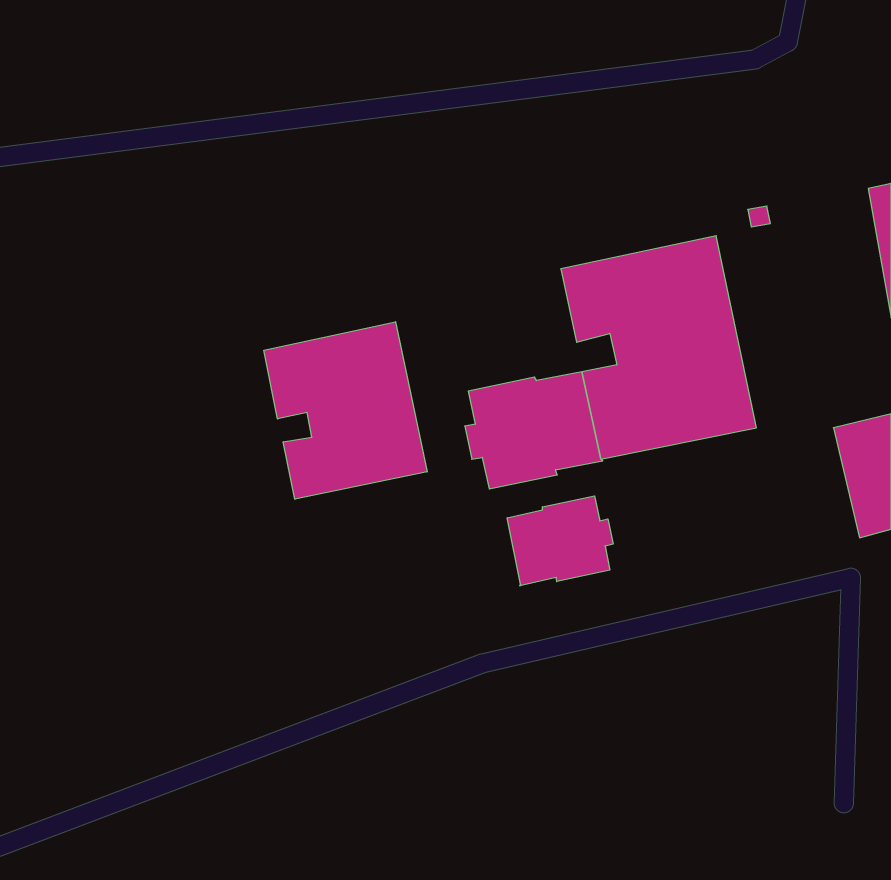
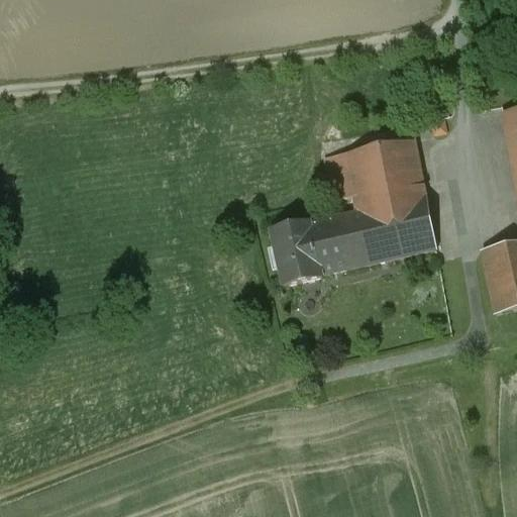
building: [264,322,427,499] -> none
building: [507,496,613,586] -> none

